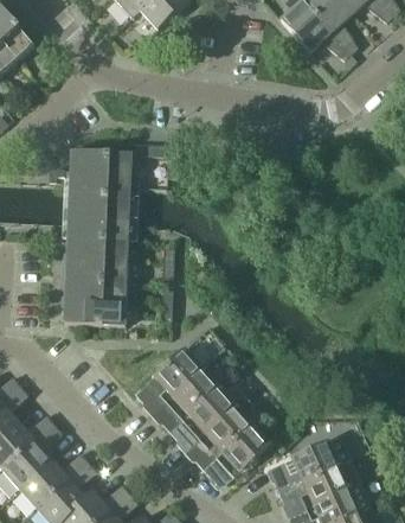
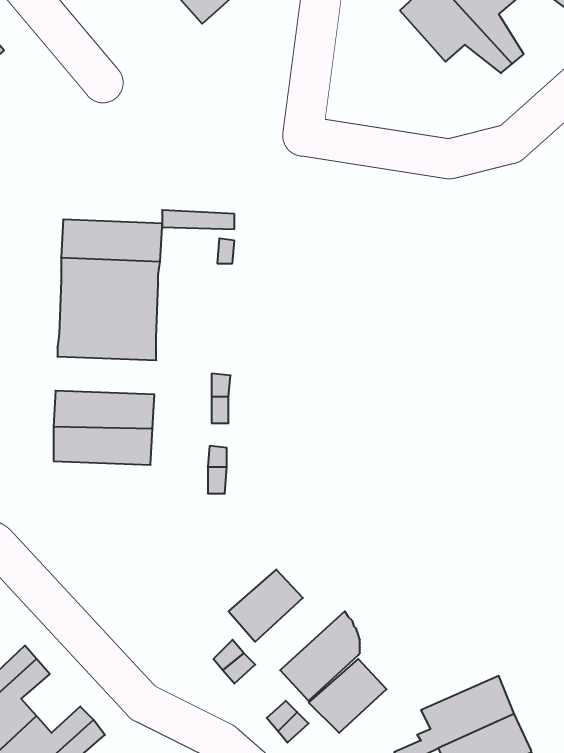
building: [64,236,127,260] -> none
building: [62,301,123,326] -> none
building: [135,349,201,402] -> none
building: [188,384,244,432] -> none

